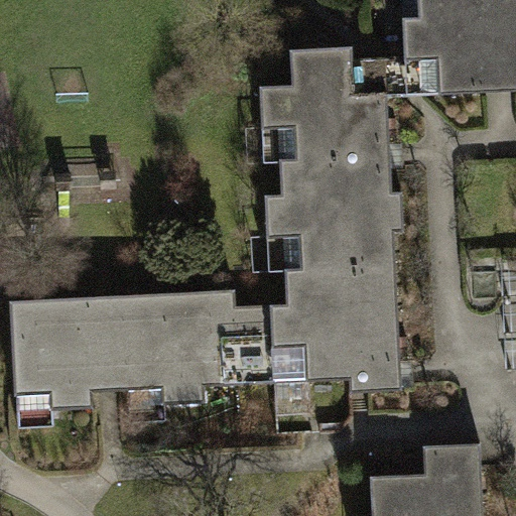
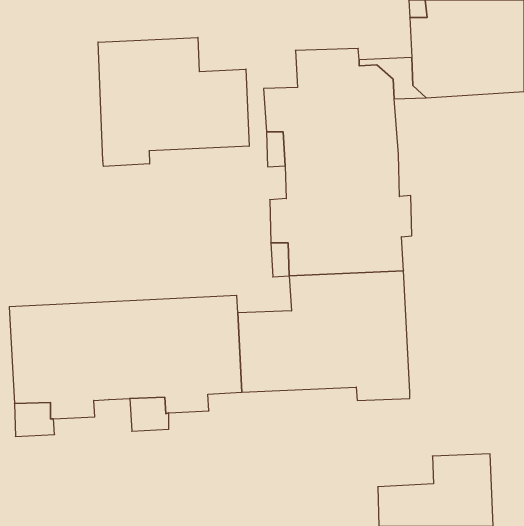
building: none -> [98,37,249,166]

